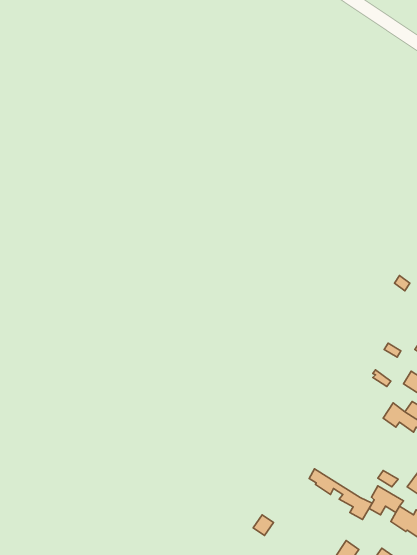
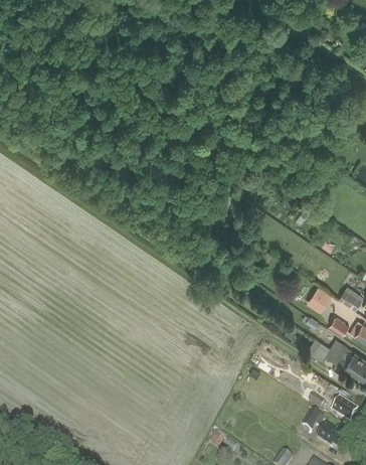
building: [309,469,372,519] -> none

